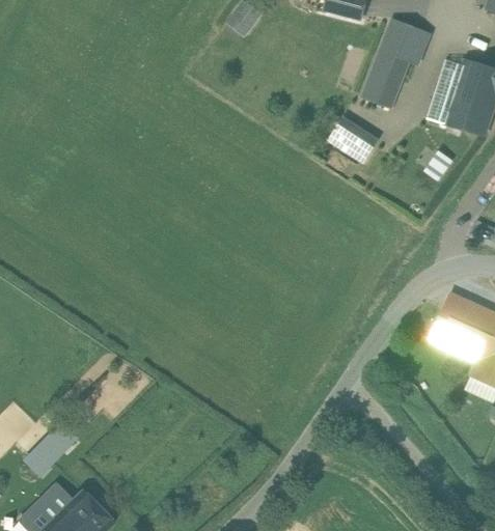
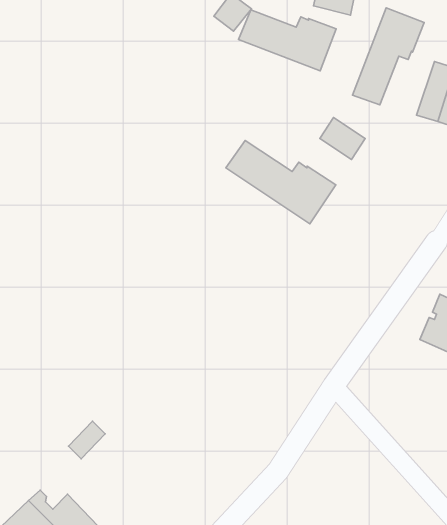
building: none -> [238,10,336,71]
building: none -> [226,141,336,224]
building: [26,437,62,474] -> [68,421,105,459]

